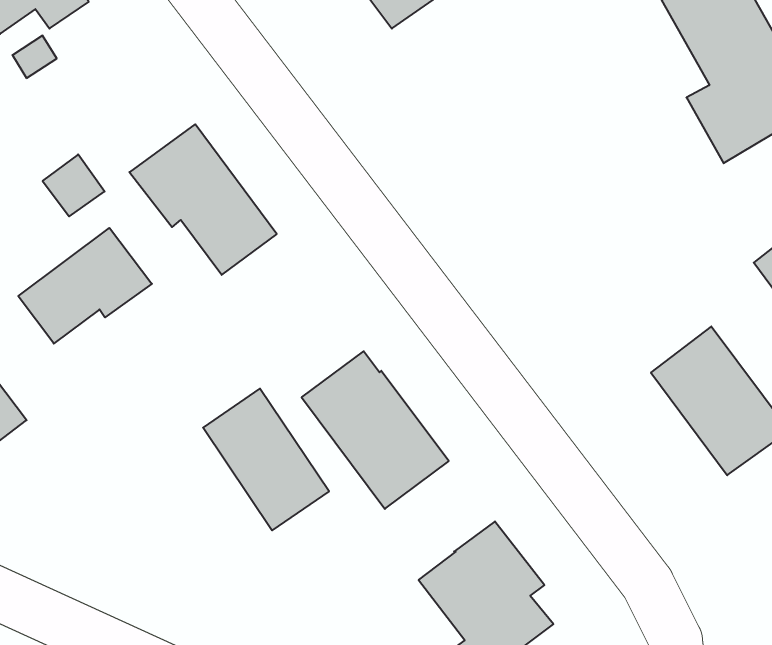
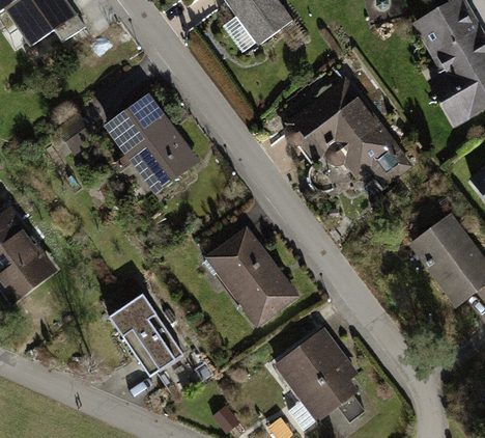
building: none -> [287,81,406,183]
building: [18,228,152,344] -> none
building: [203,389,329,530] -> [110,294,183,377]

